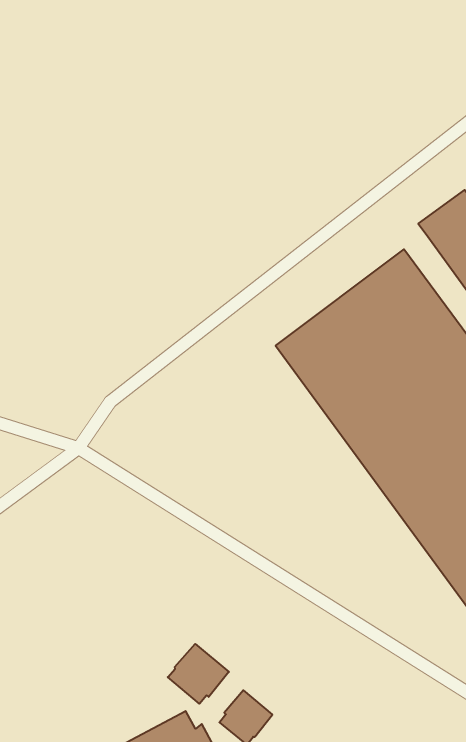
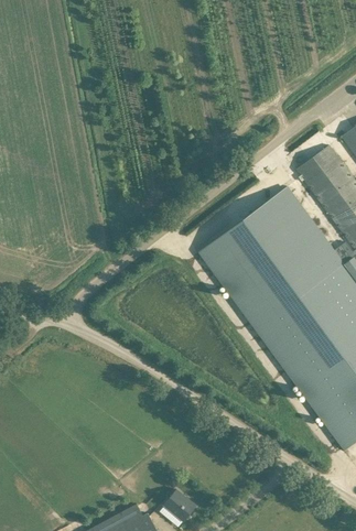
building: [168,644,229,704] -> none

